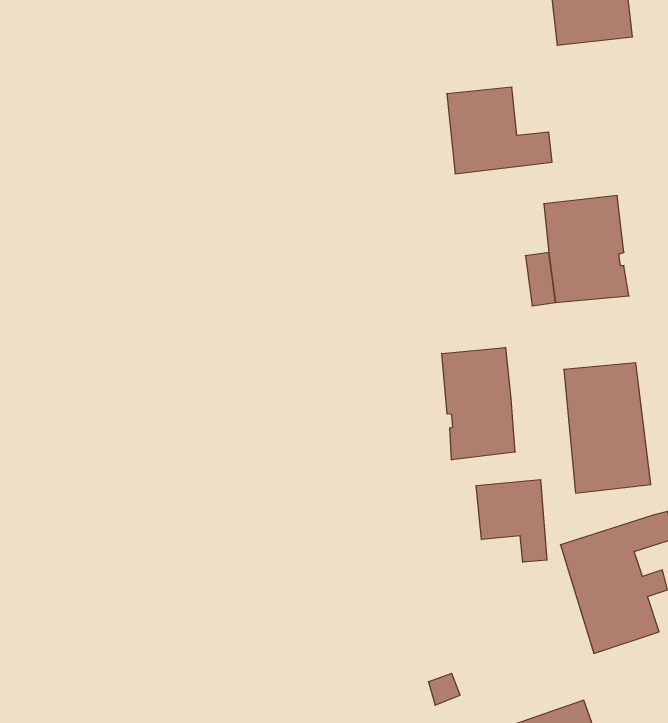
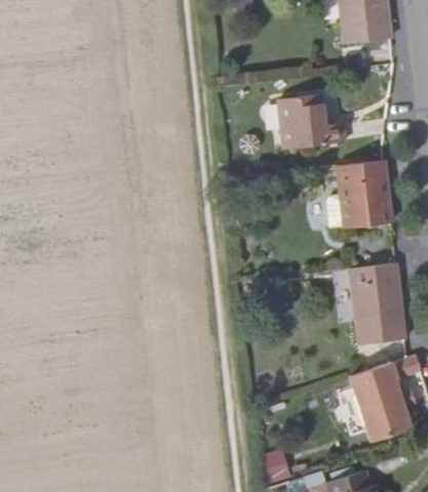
building: [442,347,515,460] -> none
building: [476,480,547,562] -> none

